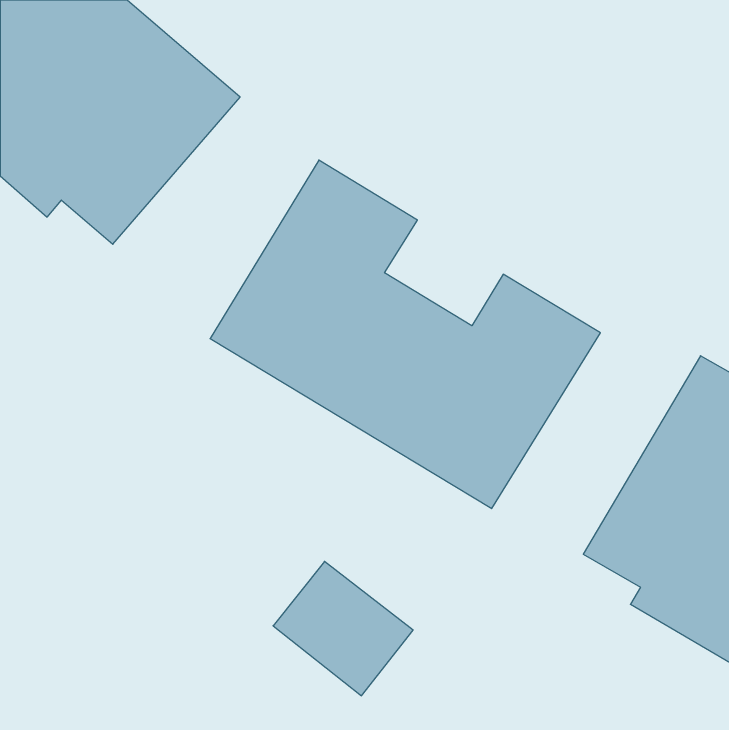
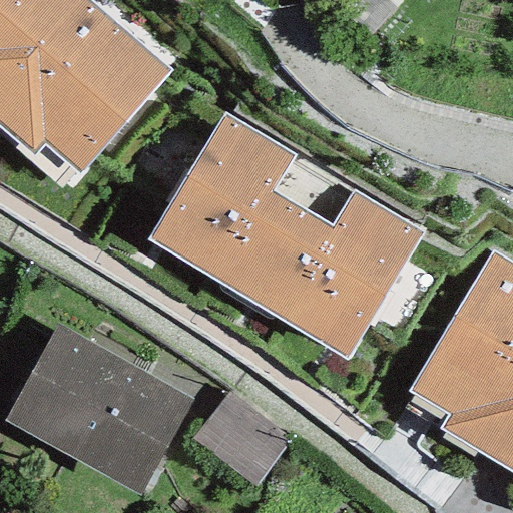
building: none -> [5,326,191,495]

